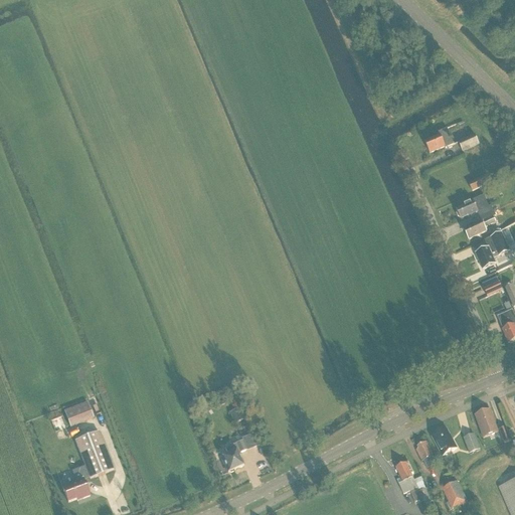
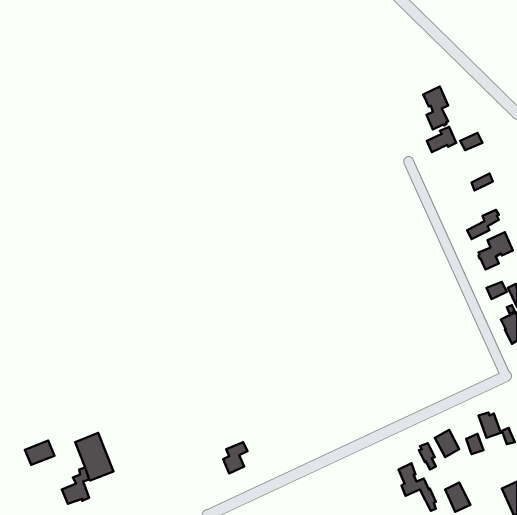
building: none -> [423,86,448,129]
building: [456,193,492,216] -> none
building: [63,400,93,424] -> [25,441,54,465]

